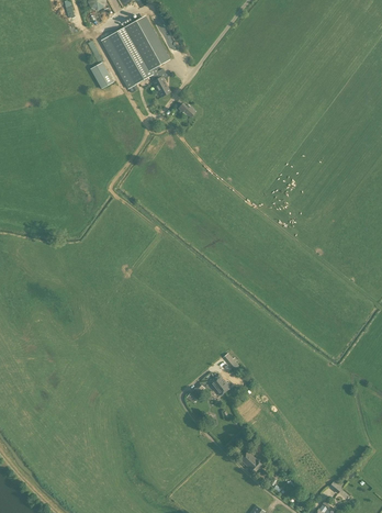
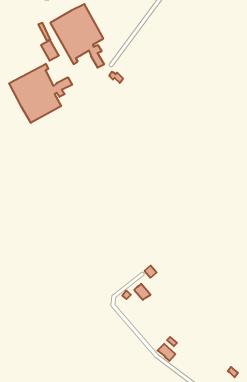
building: none -> [9,64,72,123]

